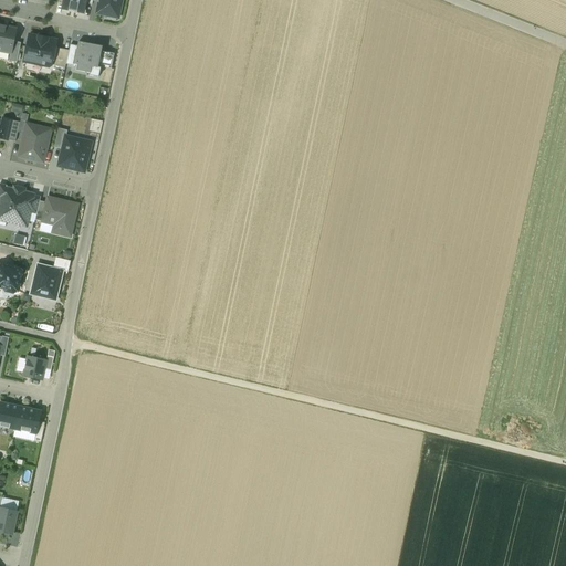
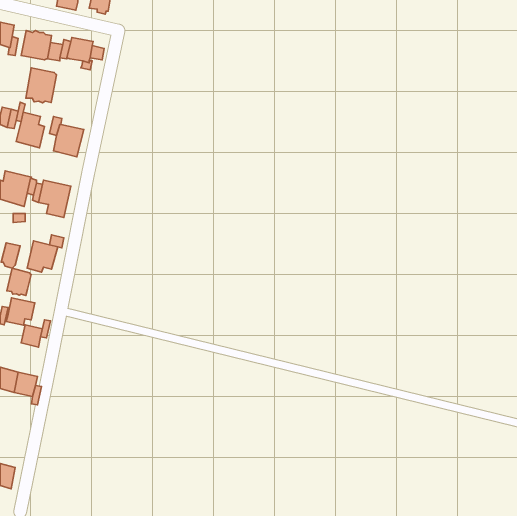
building: none -> [26,68,57,103]
building: none -> [7,268,31,295]
building: none -> [6,298,35,325]

